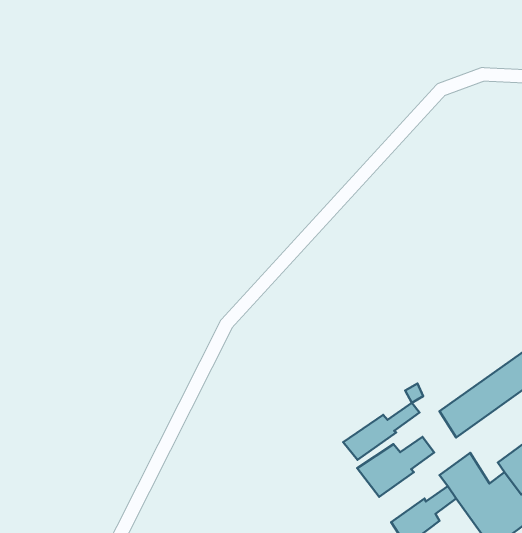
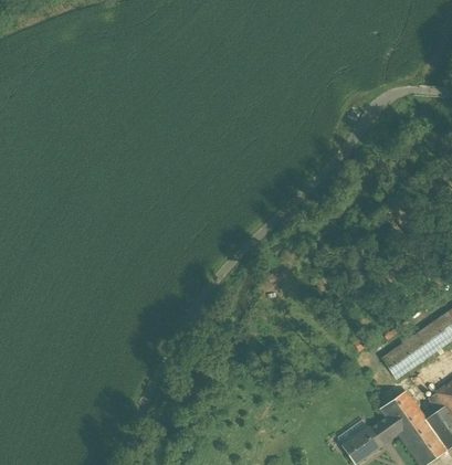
building: [343,403,419,460] -> none
building: [357,437,434,497] -> none

